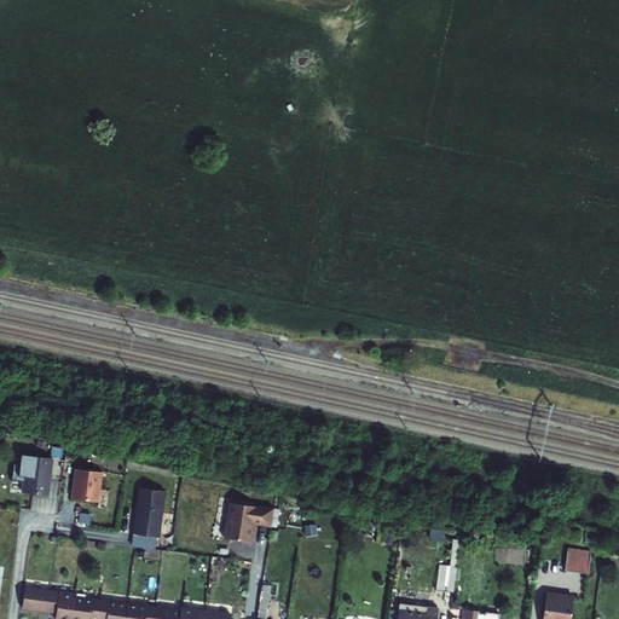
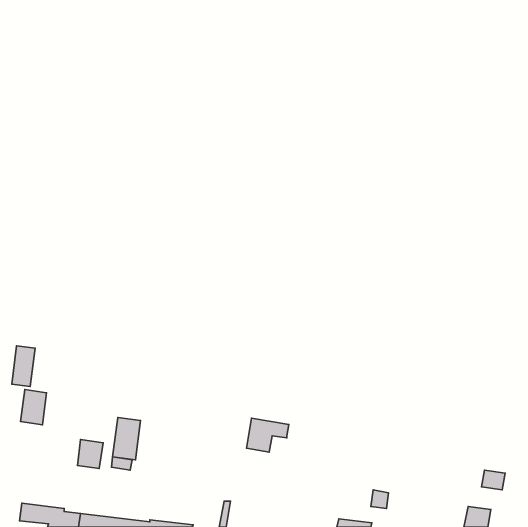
building: none -> [12,346,35,386]
building: [74,469,104,503] -> [77,440,103,469]
building: [225,503,274,543] -> [246,418,289,452]

